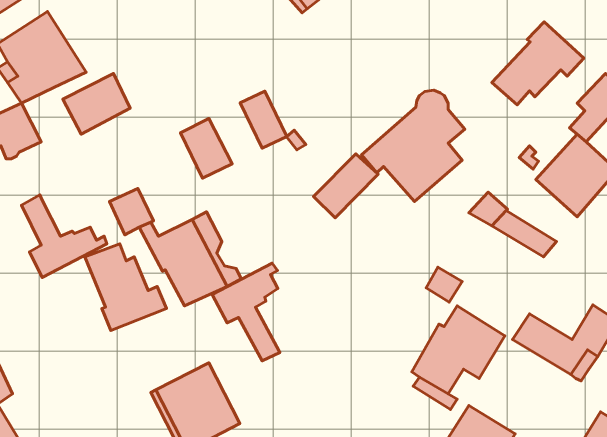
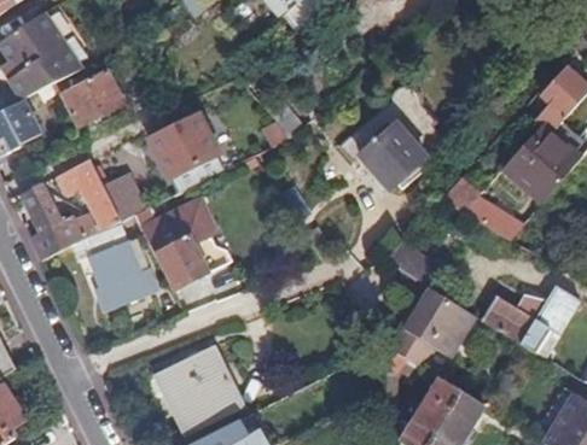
building: [492,22,584,105] -> none
building: [240,91,287,148] -> [147,125,191,178]
building: [314,154,378,218] -> none
building: none -> [57,158,118,229]
building: [212,263,280,361] -> none

